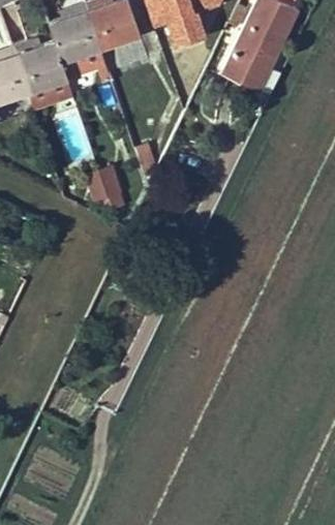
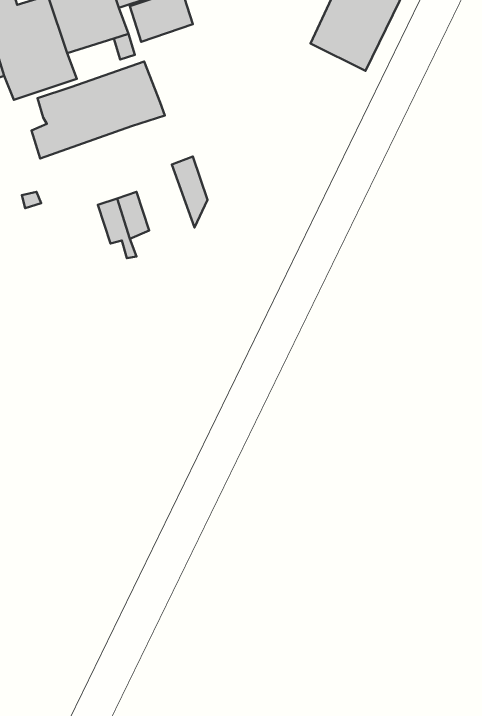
building: none -> [31,62,165,158]

